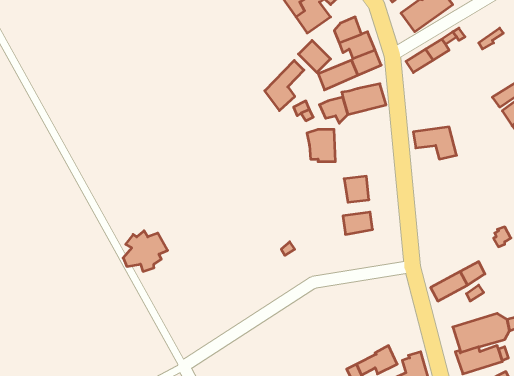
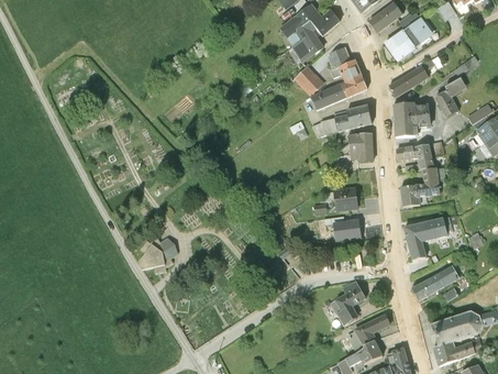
building: none -> [435,79,466,117]
building: [265,60,304,111] -> none
building: none -> [392,102,430,139]
building: [307,129,335,162] -> [347,134,373,163]
building: none -> [400,169,441,208]
building: none -> [405,219,446,260]
building: none -> [331,279,366,324]
building: none -> [354,312,390,345]

